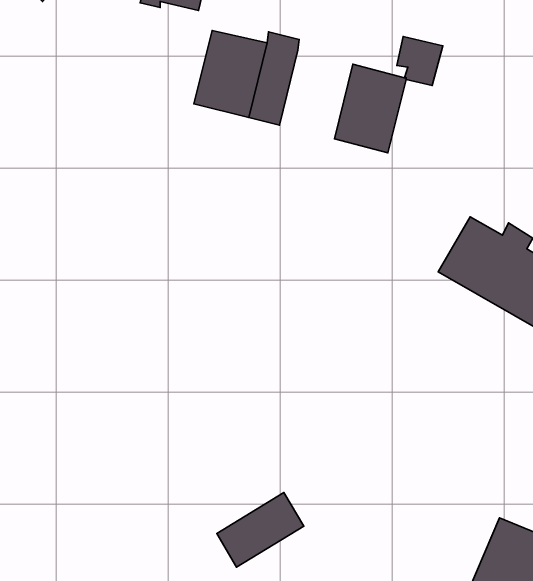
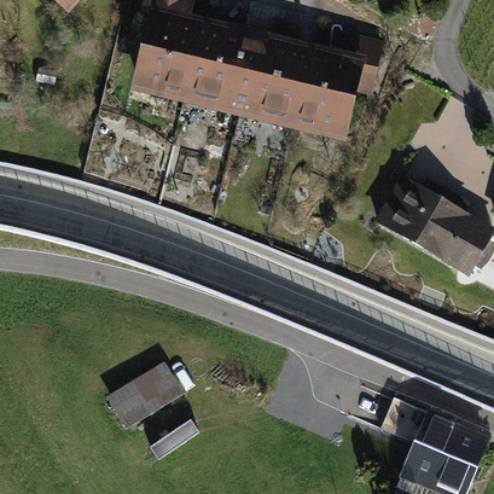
building: none -> [144,21,200,89]
building: none -> [254,47,312,117]
building: [217,492,304,567] -> [111,365,180,424]

